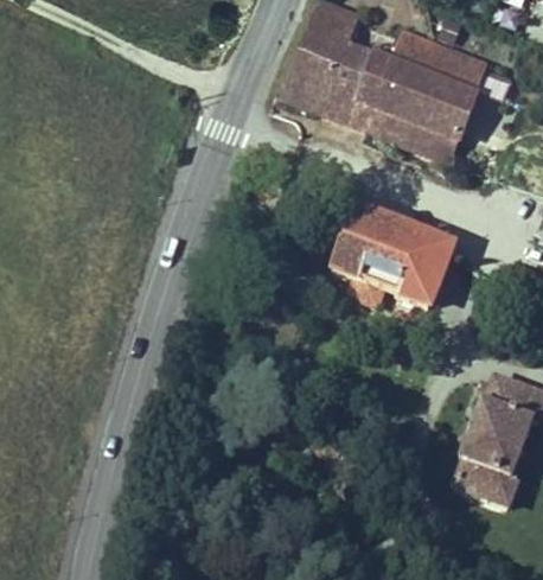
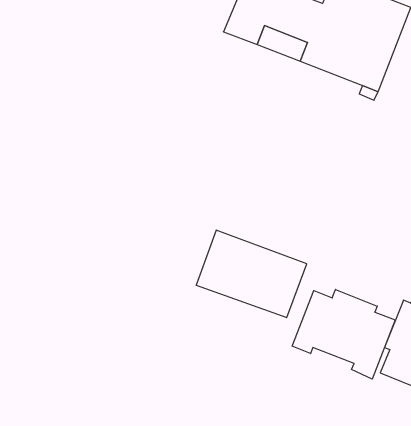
building: [328,204,453,302] -> [196,230,307,318]
building: none -> [292,289,395,379]

